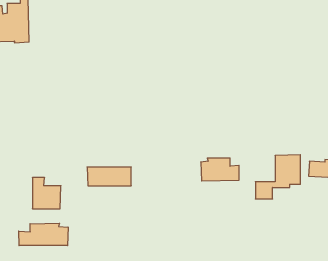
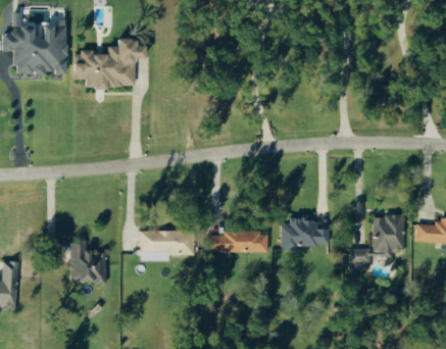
building: none -> [71,37,143,88]
building: none -> [207,229,268,252]
building: [19,223,68,246] -> none

